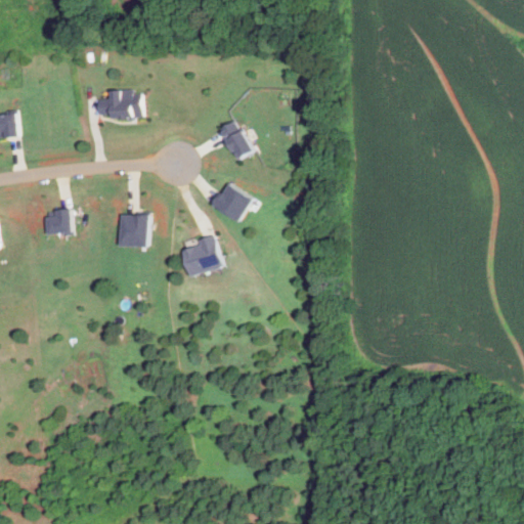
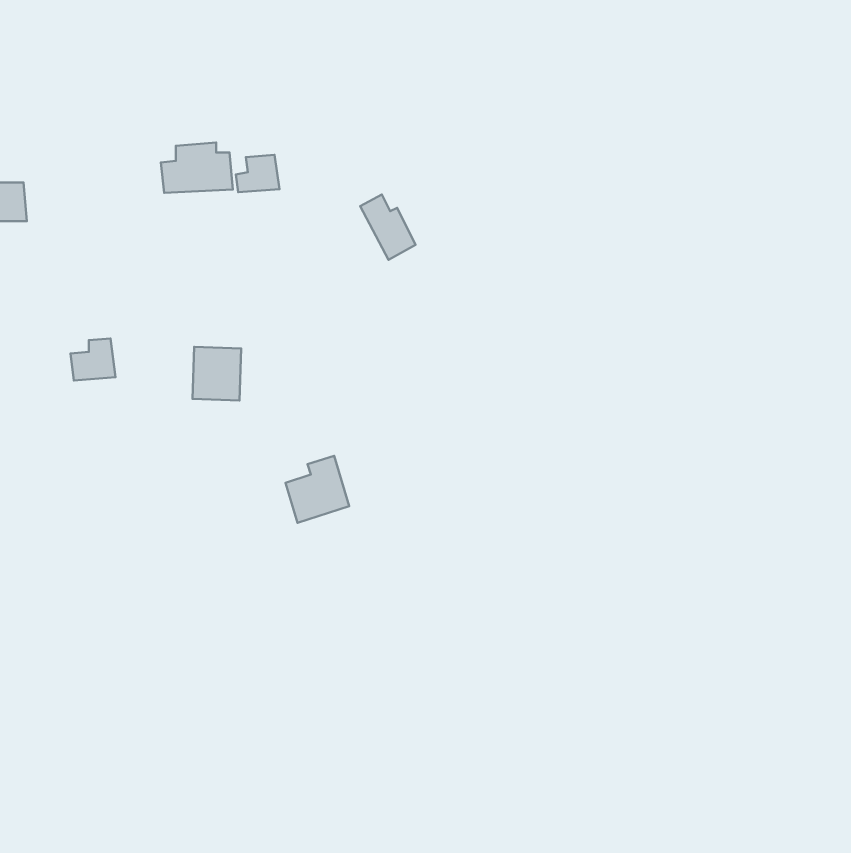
building: none -> [236,155,279,192]
building: [211,183,251,222] -> none
building: [184,235,223,276] -> [286,456,349,523]

